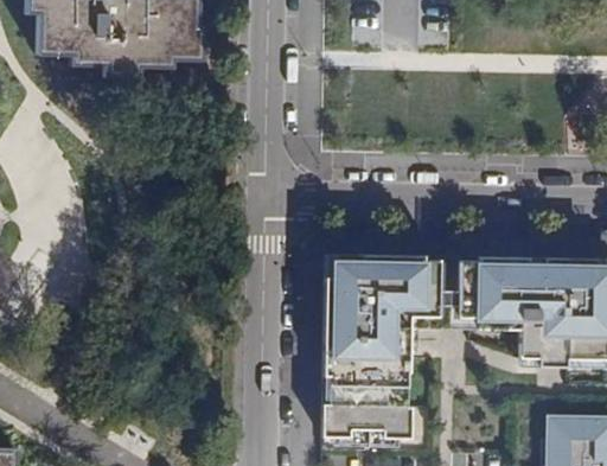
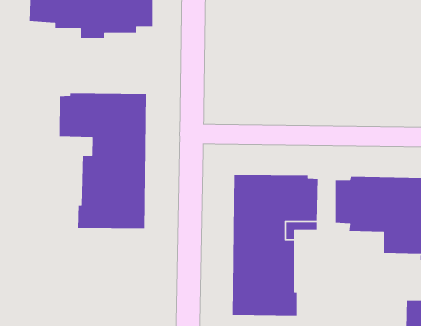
building: none -> [59,93,147,229]

